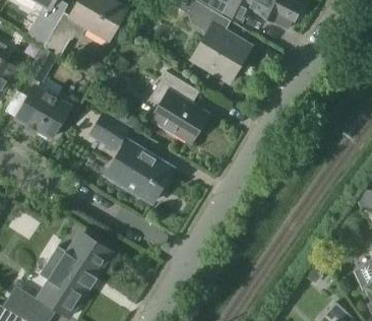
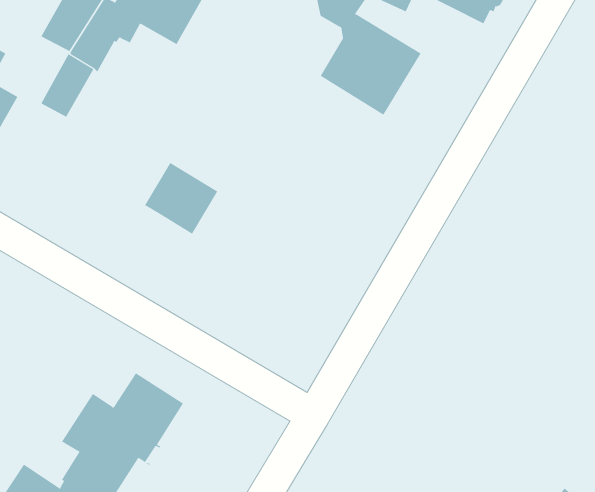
building: [149,71,204,141] -> none
building: [16,86,70,138] -> none
building: [107,140,172,201] -> none

